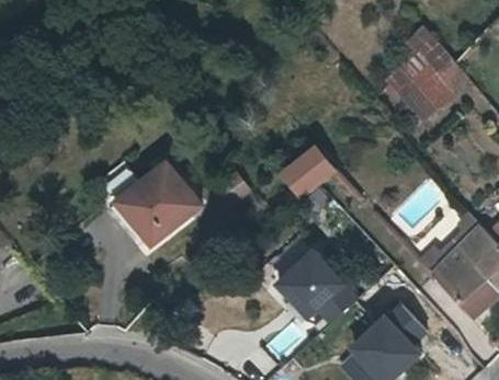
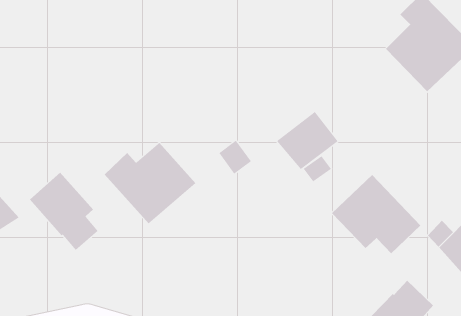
building: none -> [29,172,99,251]
building: [268,242,356,321] -> [331,174,421,254]

